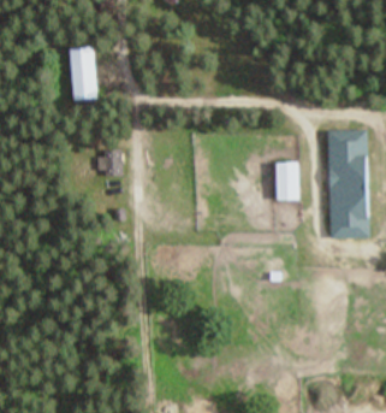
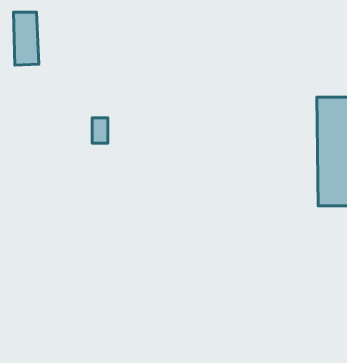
building: [71,47,96,100] -> [14,12,39,65]
building: [277,163,298,200] -> none

